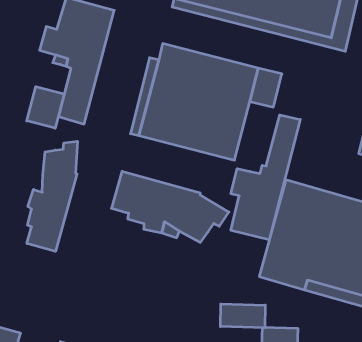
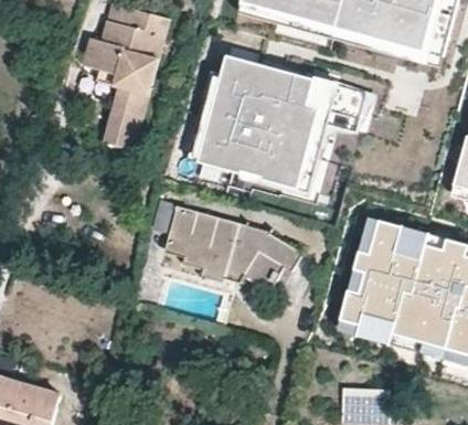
building: [27,87,64,128] -> none
building: [231,115,300,240] -> none
building: [27,141,77,251] -> none
building: [220,304,265,328] -> none

